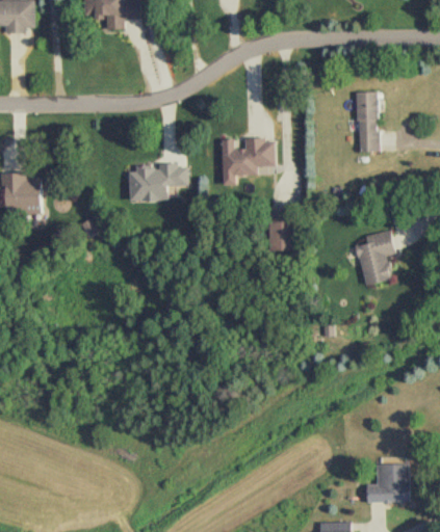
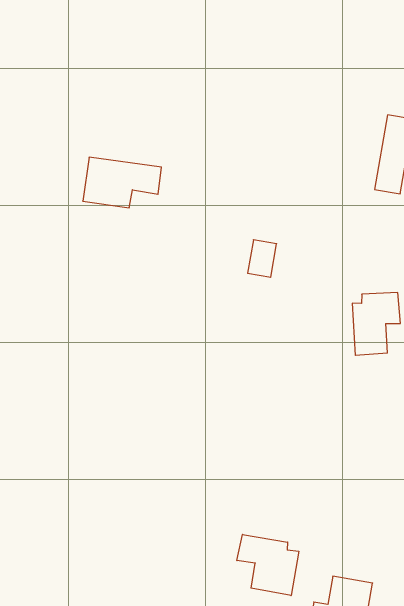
building: [221,139,275,186] -> none
building: none -> [237,534,299,596]

